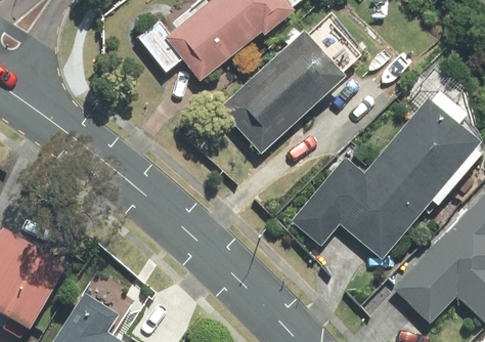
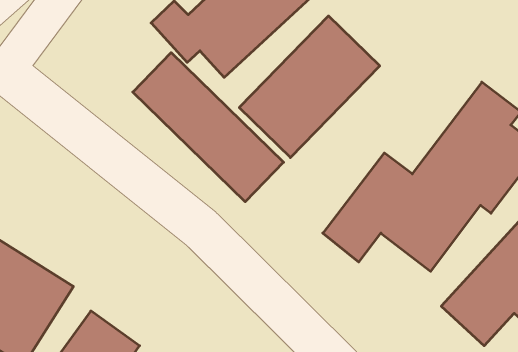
building: none -> [133,53,284,202]

